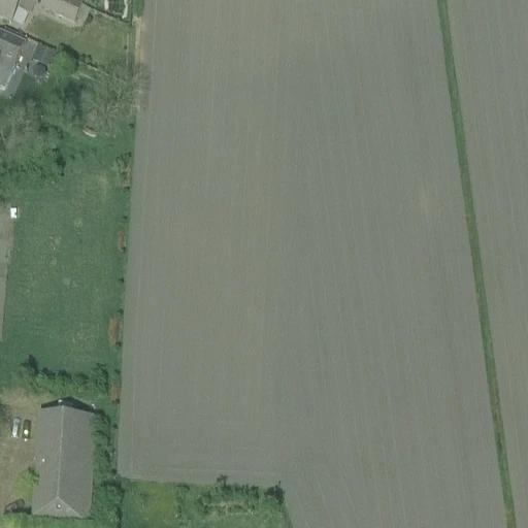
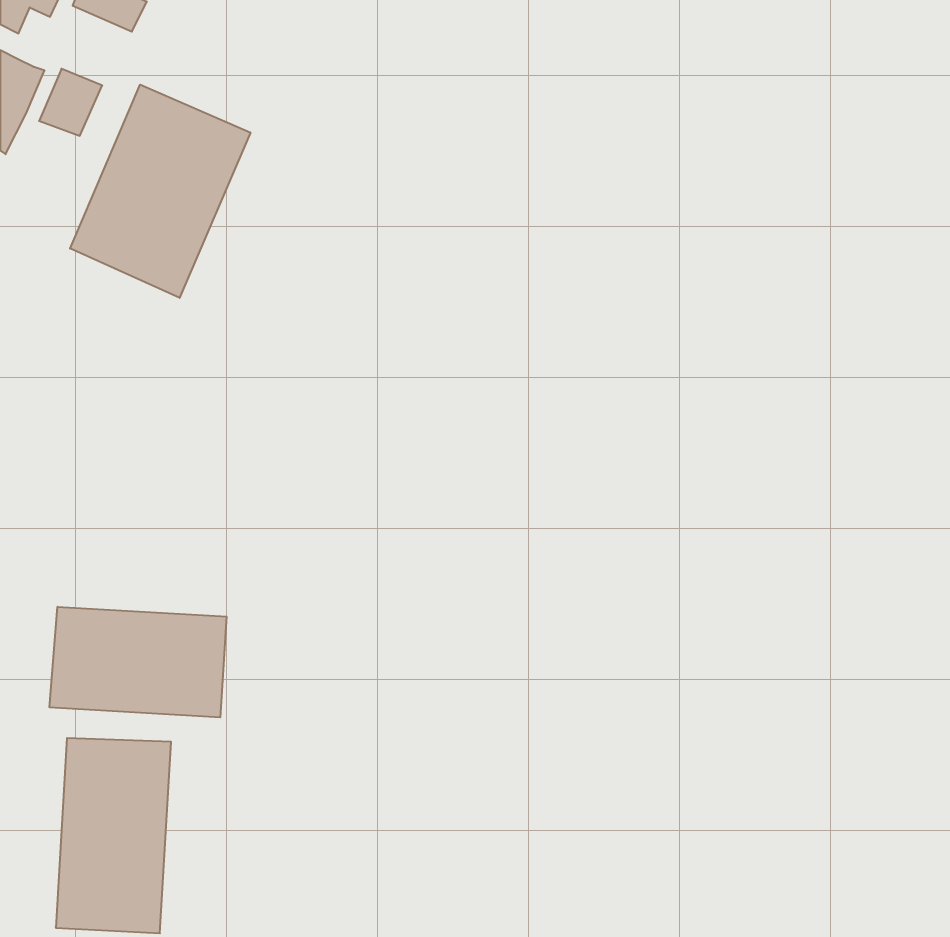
building: none -> [70,85,250,298]
building: none -> [50,607,227,717]

